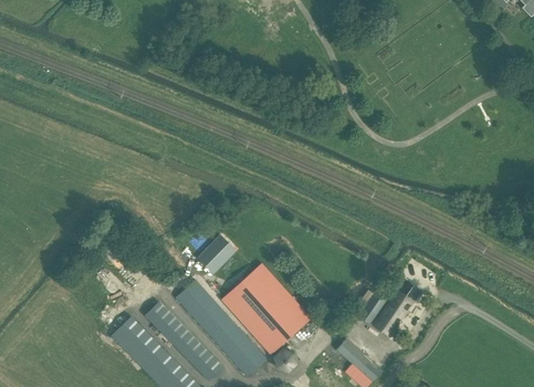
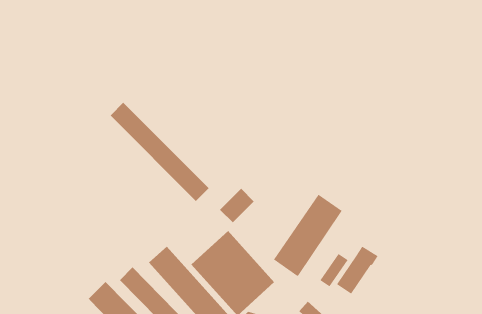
building: none -> [110,102,209,202]
building: none -> [273,194,343,277]
building: [198,234,235,272] -> [219,188,255,223]

